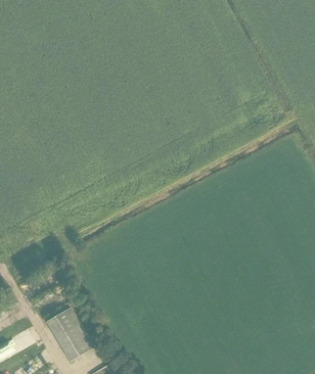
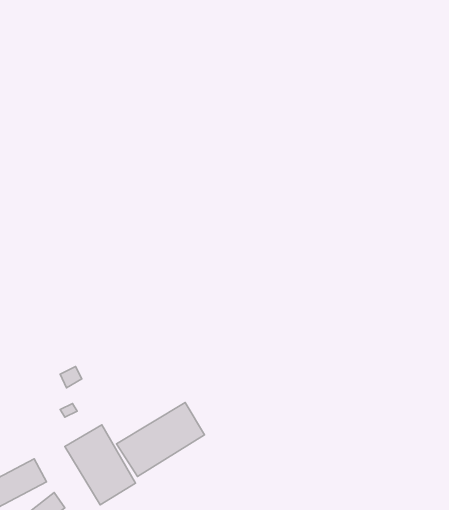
building: none -> [117,402,204,477]

